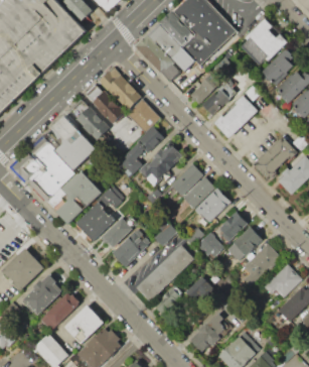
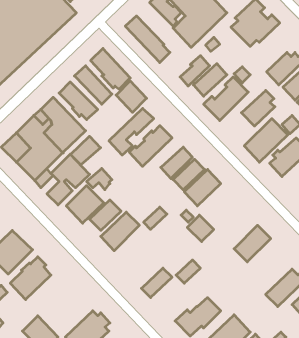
building: [150,23,195,70] -> none
building: [262,48,295,84] -> [241,90,275,126]
building: none -> [71,136,101,165]
building: [219,211,247,239] -> none
building: [234,226,262,254] -> none
building: [136,243,194,301] -> none
building: [268,263,302,297] -> none
building: [40,291,80,330] -> none
building: [64,304,104,344] -> none

